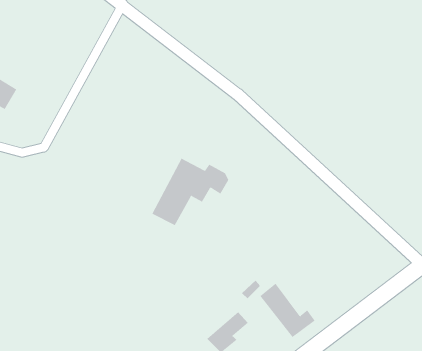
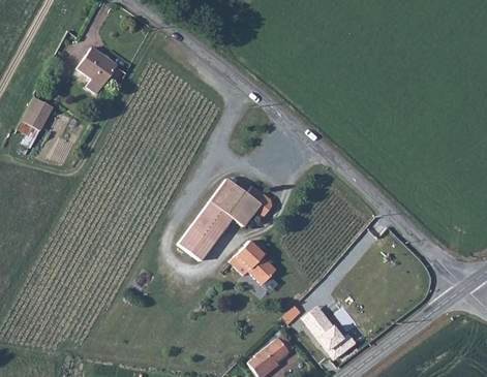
building: none -> [78,50,116,94]
building: none -> [182,234,214,264]
building: none -> [229,240,274,283]

